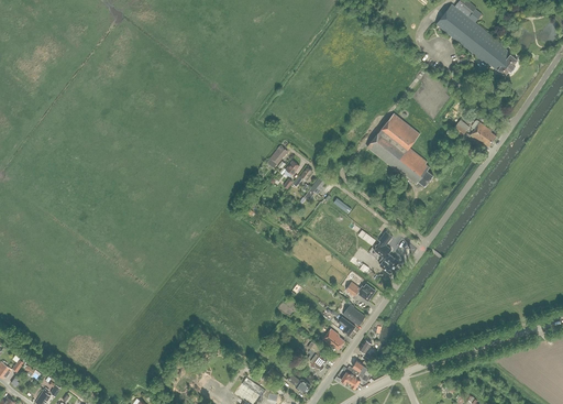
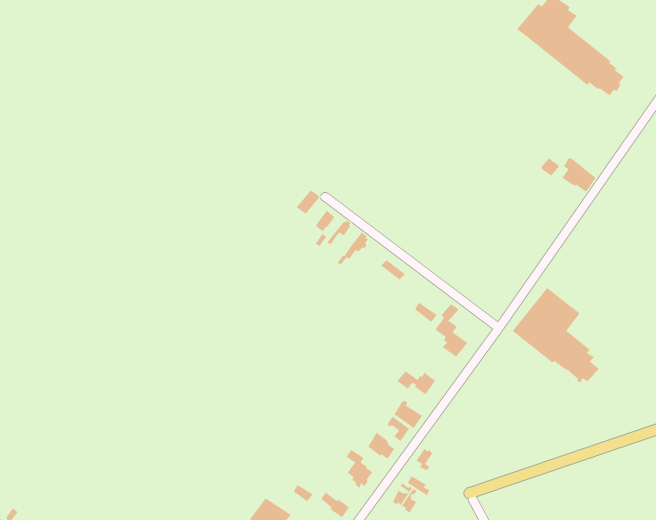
building: [367,114,433,187] -> [512,287,599,383]

